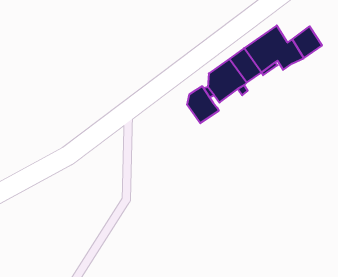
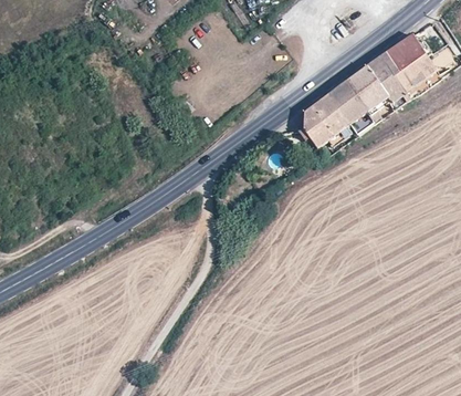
building: none -> [385,33,425,73]
building: [187,86,219,123] -> none

